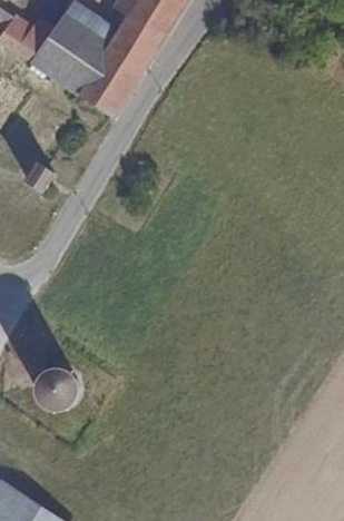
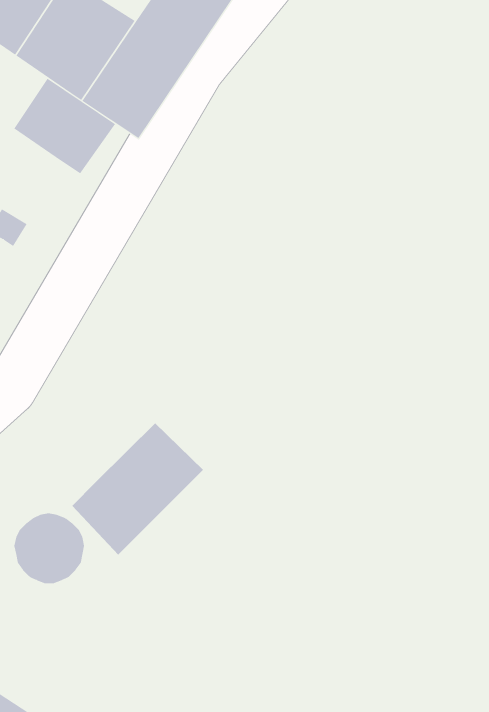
building: none -> [14,78,116,174]
building: none -> [72,423,204,555]

